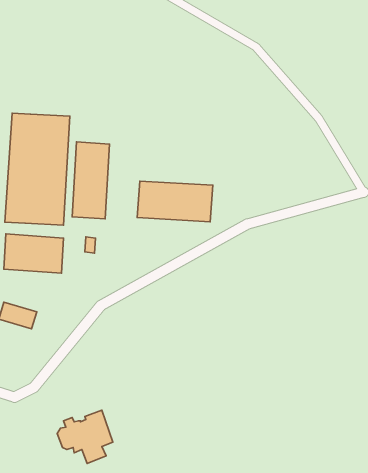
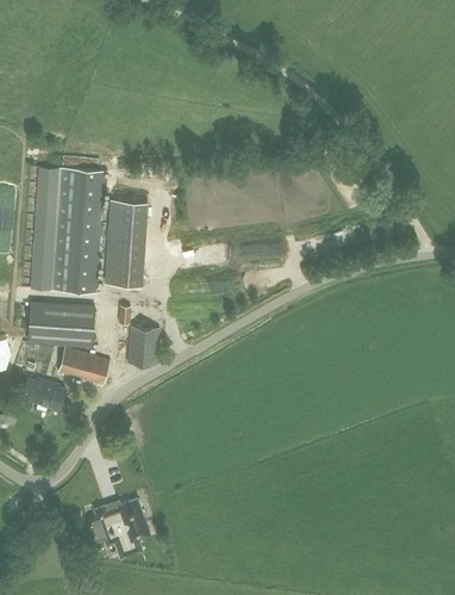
building: [137,181,213,222] -> none
building: none -> [129,324,160,364]
building: none -> [58,346,111,383]

